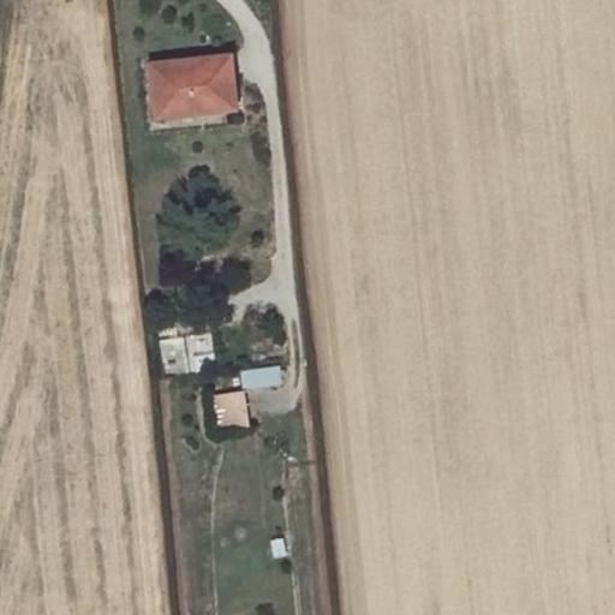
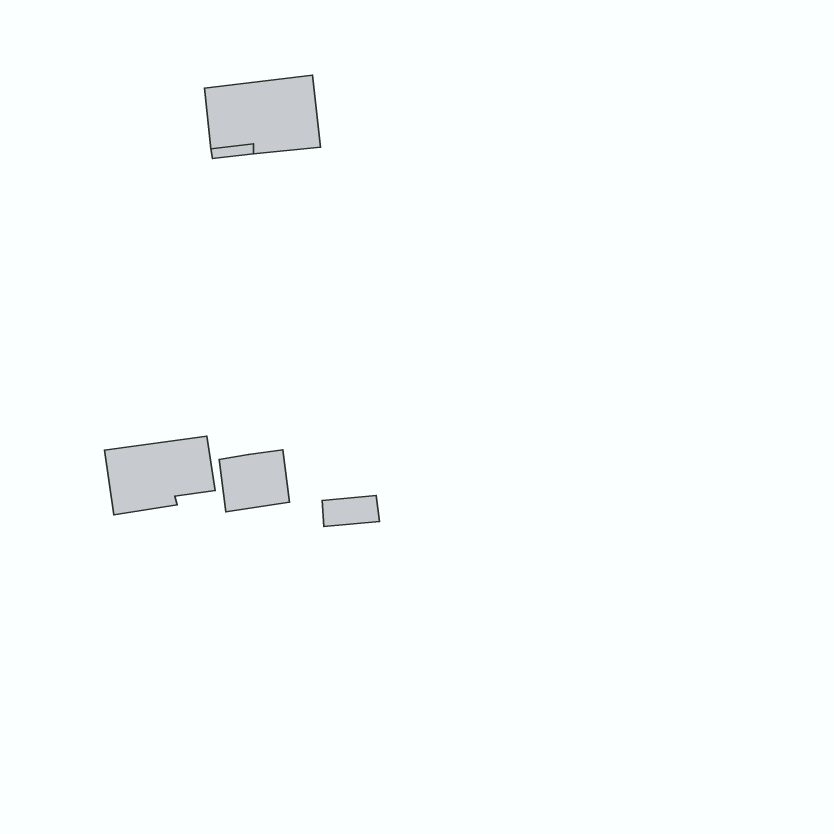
building: none -> [105,436,215,515]
building: [209,393,249,431] -> none

